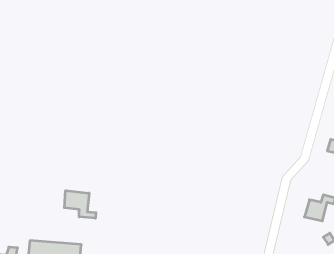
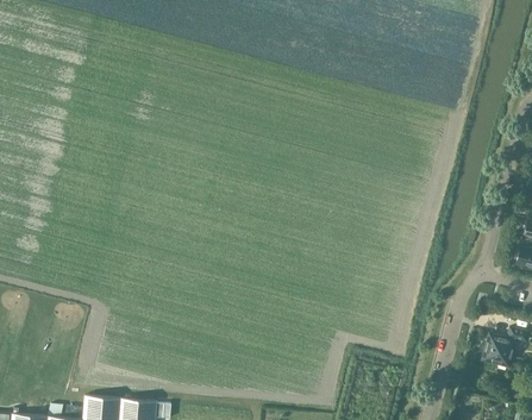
building: [64,191,96,218] -> none

